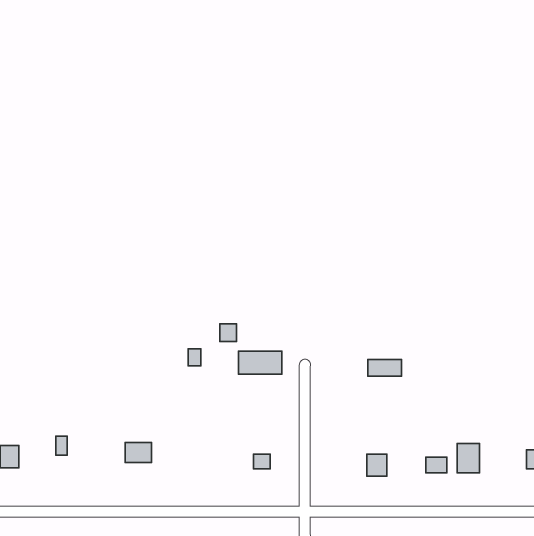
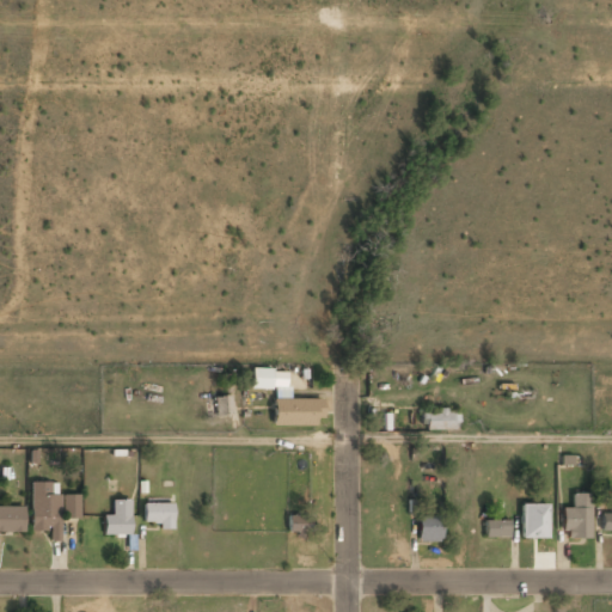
building: none -> [33,482,61,540]
building: none -> [565,492,592,538]
building: none -> [105,500,133,534]

